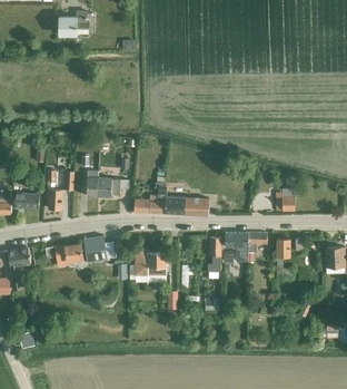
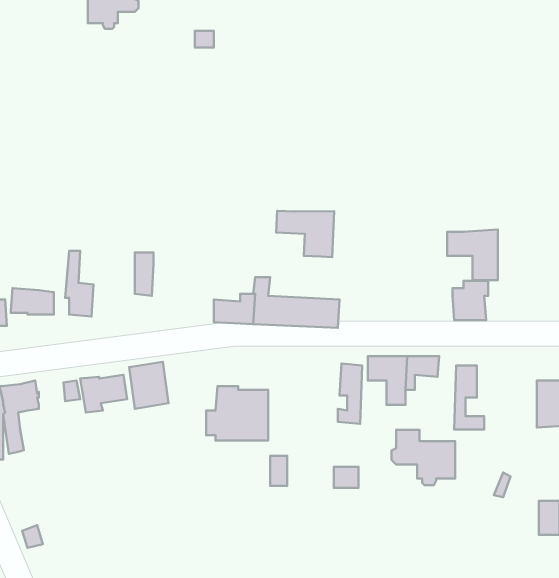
building: none -> [276,211,334,257]
building: none -> [447,229,498,280]
building: [98,177,128,196] -> none
building: none -> [391,430,455,485]

